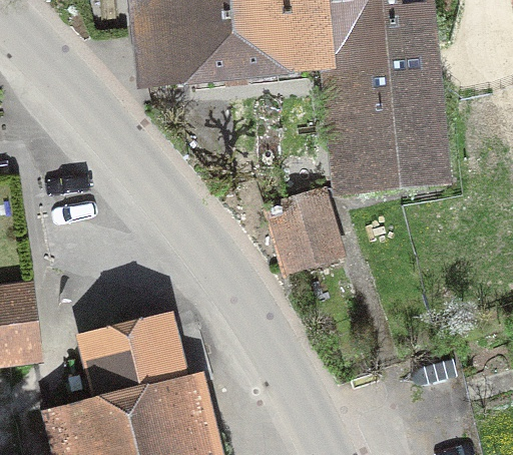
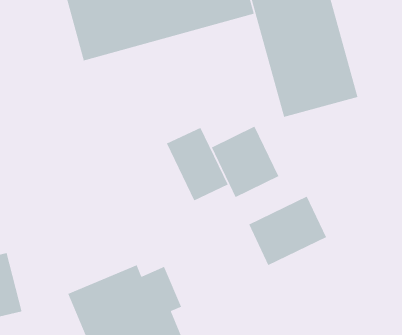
building: none -> [166,127,229,201]
building: none -> [248,195,327,266]

